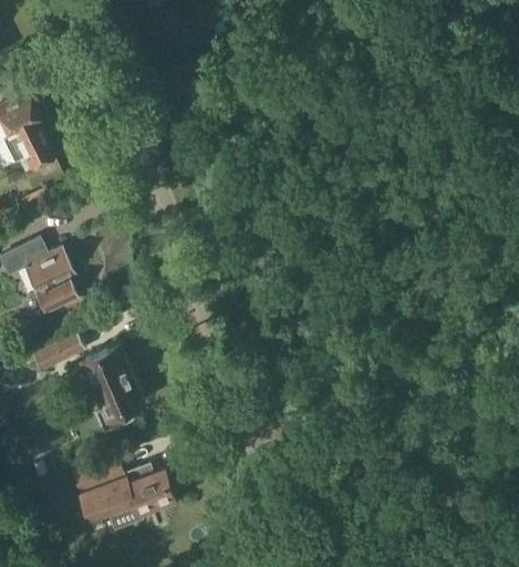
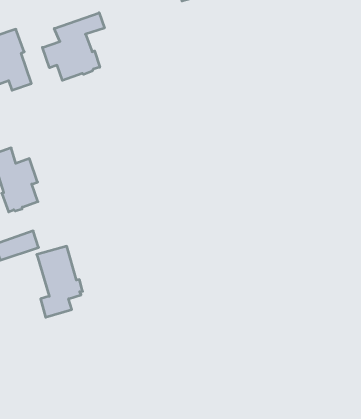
building: none -> [42,13,104,80]
building: [75,456,178,515] -> none

